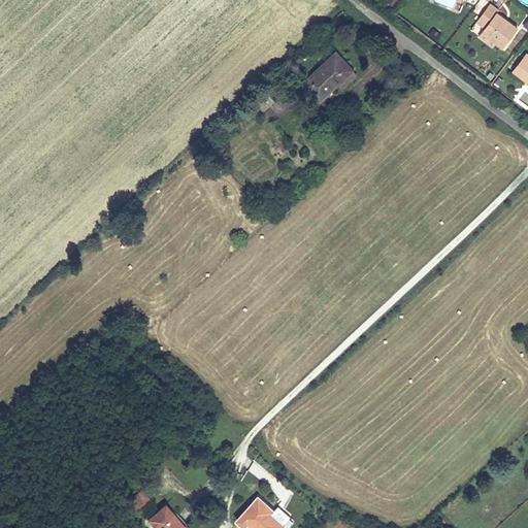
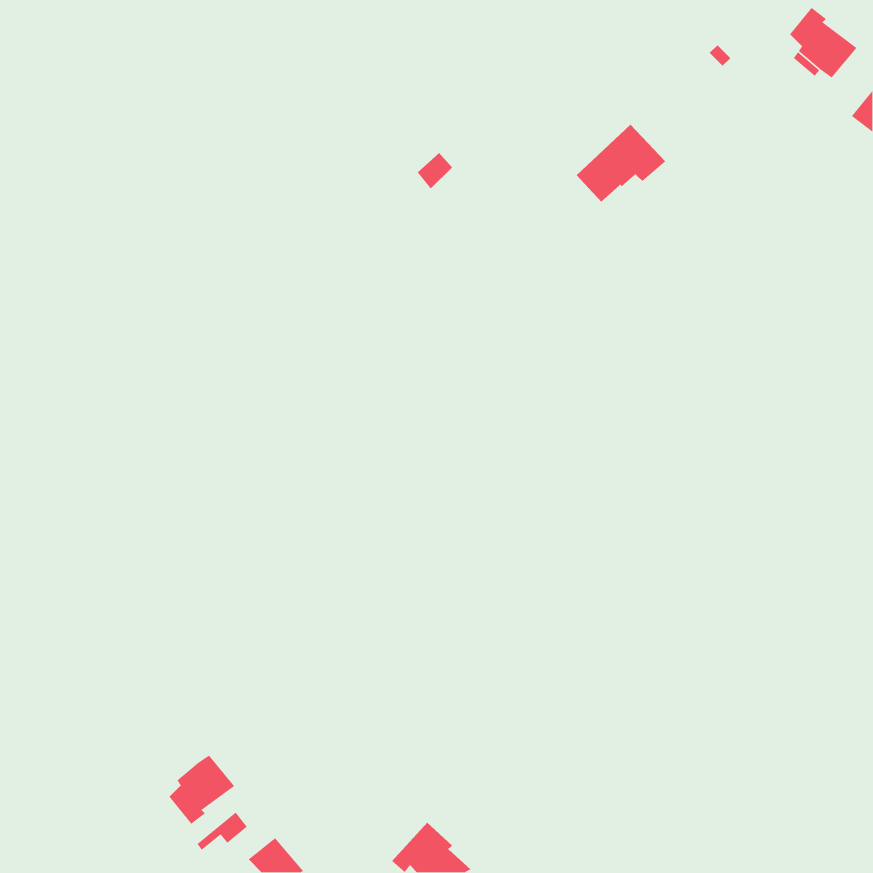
building: [302,53,357,100] -> [576,124,666,202]
building: none -> [169,754,235,825]

